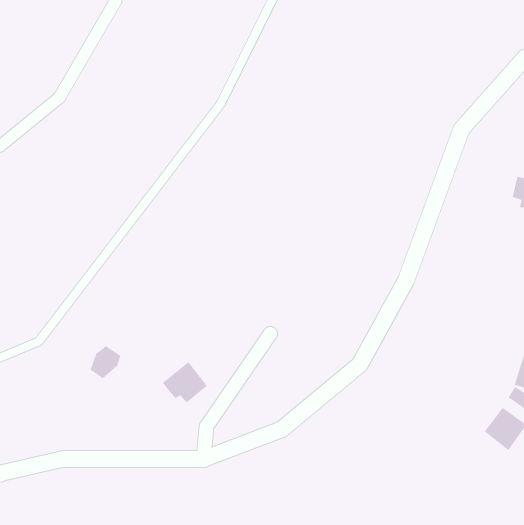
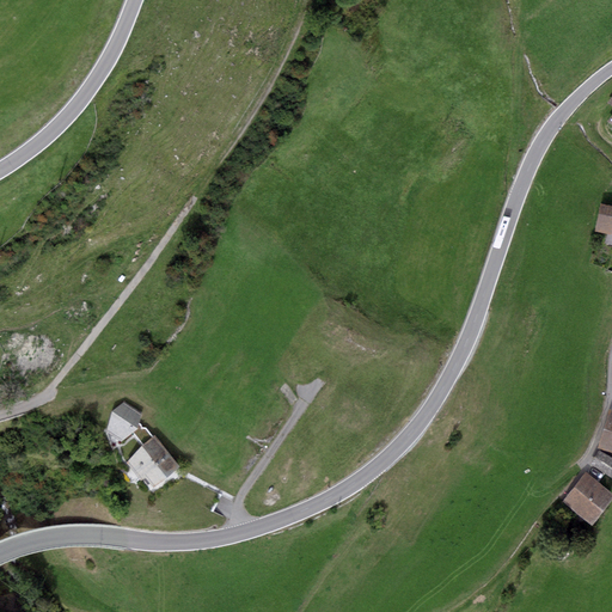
building: [162,361,208,403] -> [126,435,179,484]

